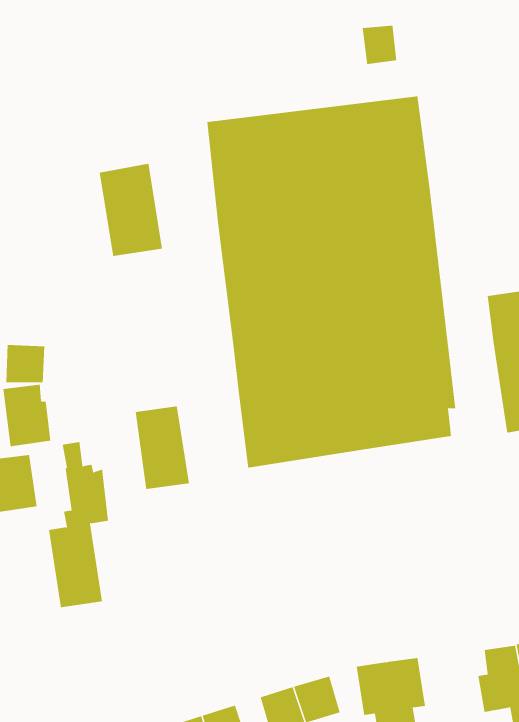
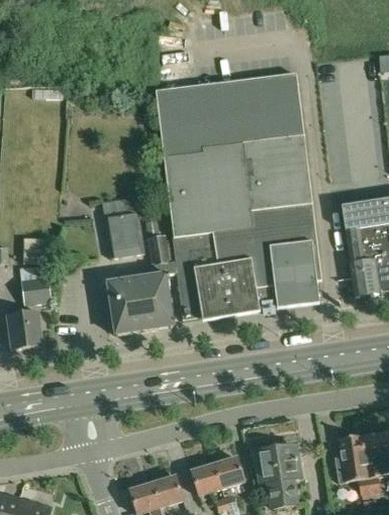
building: [362,25,397,65] -> none
building: [99,163,163,256] -> [102,196,144,258]
building: [48,441,109,608] -> [136,219,177,329]

